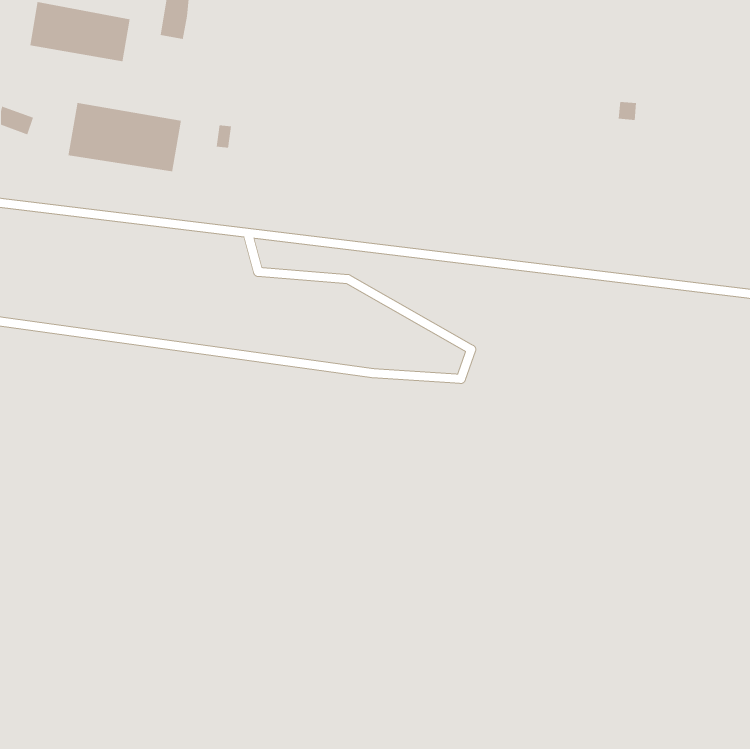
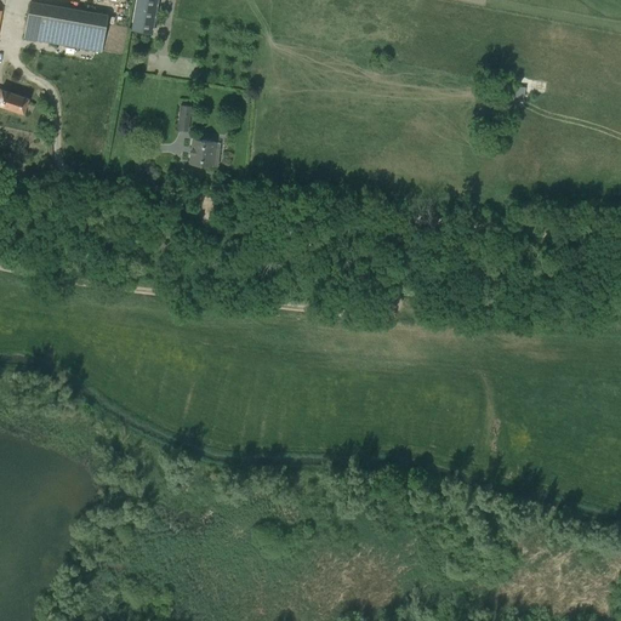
building: [68,102,181,172] -> none
building: none -> [190,138,220,165]

